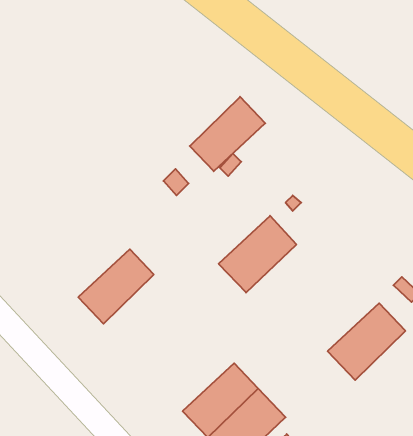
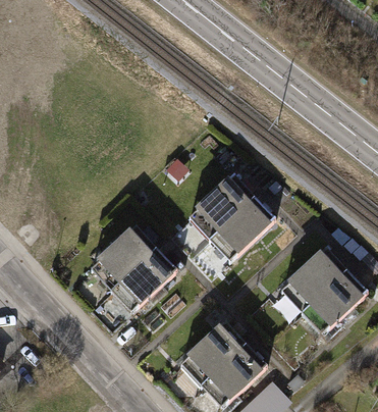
building: [190,97,265,171] -> [190,173,254,237]
building: none -> [112,246,178,311]
building: none -> [282,248,346,311]

